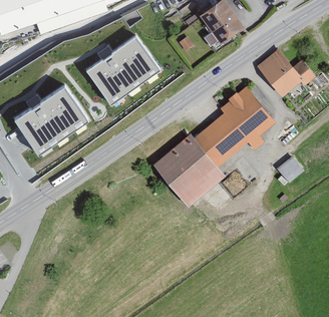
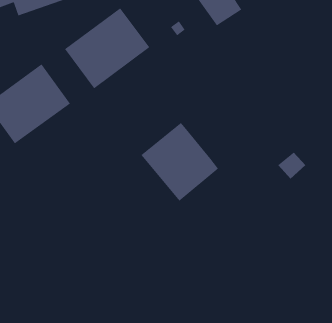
building: [258,49,317,97] -> none
building: [194,85,273,165] -> none

